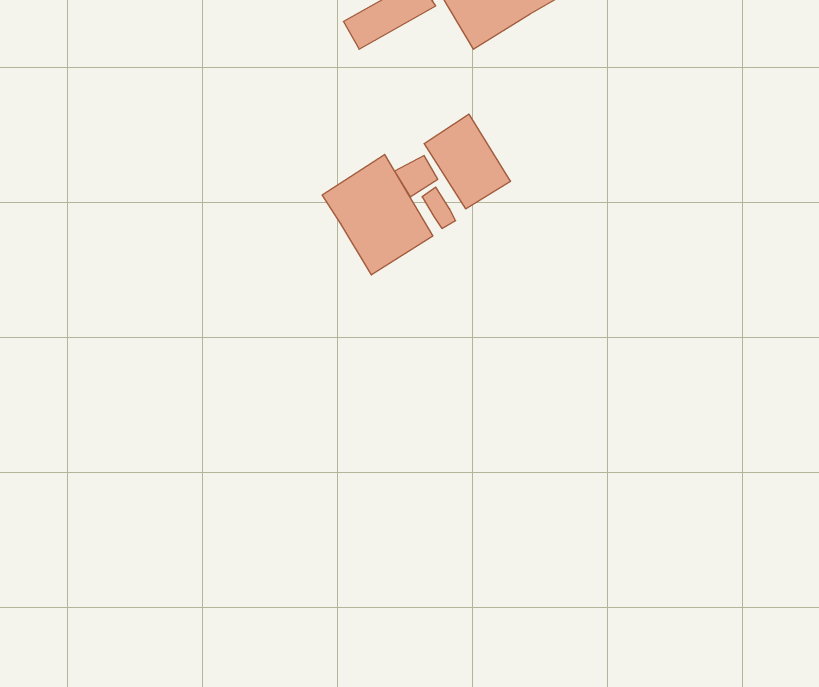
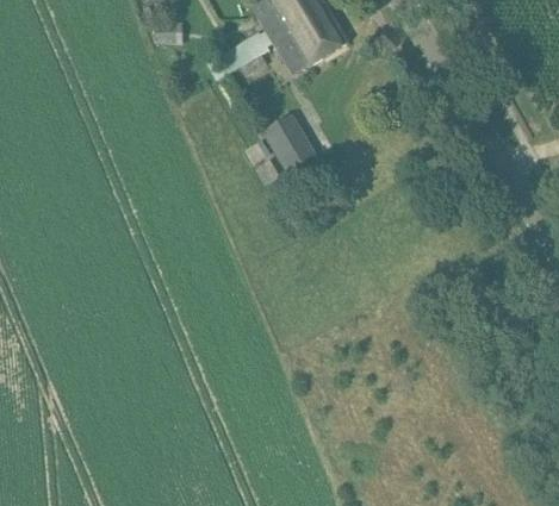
building: [322,154,433,275] -> none

